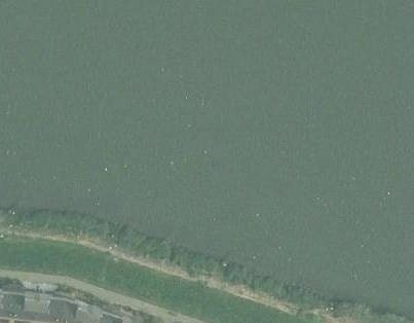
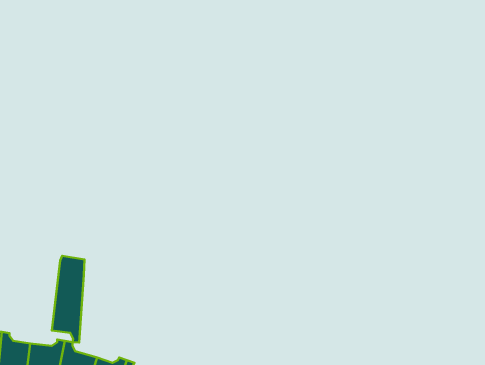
building: none -> [52,256,85,342]

